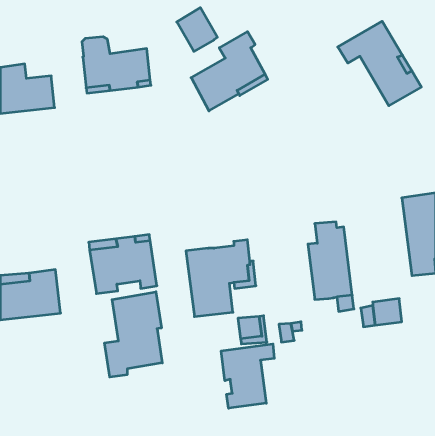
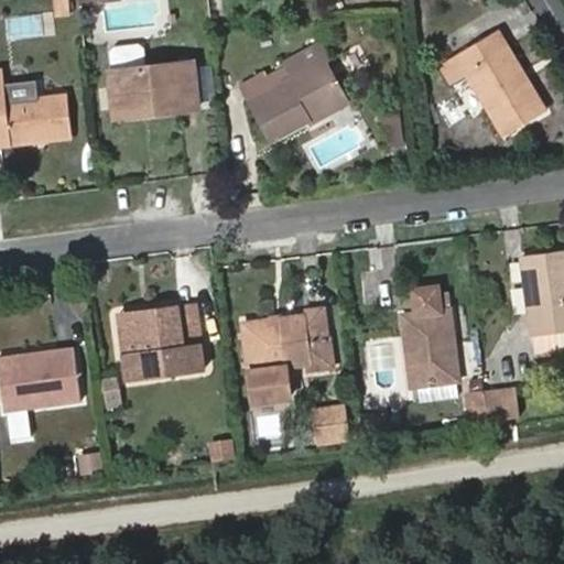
building: [177,8,217,51] -> none
building: [105,292,162,377] -> none
building: [221,344,274,408] -> none

